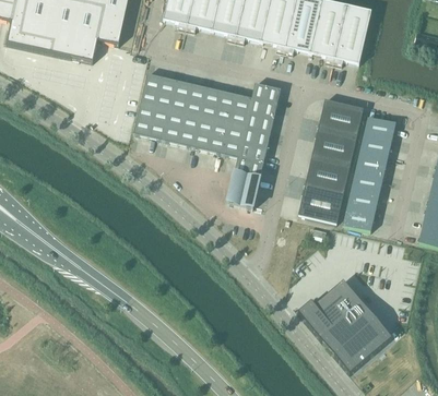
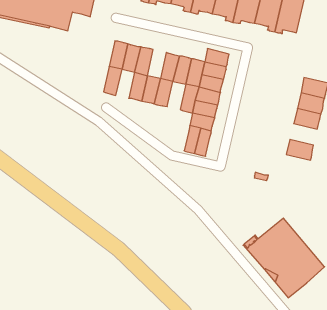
building: [185,83,206,117] -> none
building: [297,98,363,223] -> none
building: [147,106,169,140] -> none
building: [208,120,229,153] -> none
building: [351,169,382,194] -> none
building: [342,205,375,230] -> none

